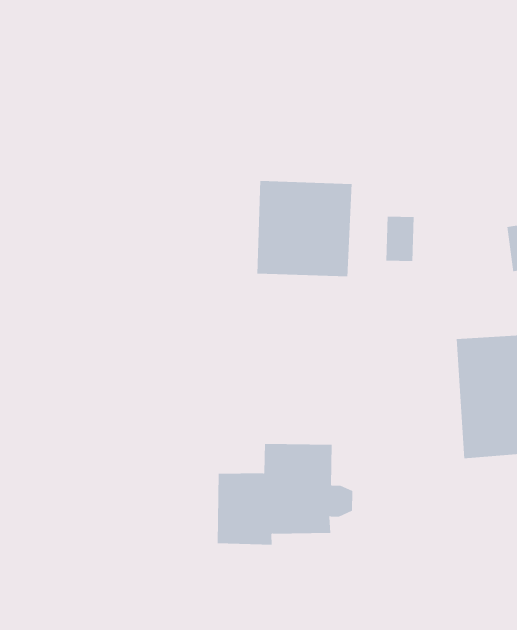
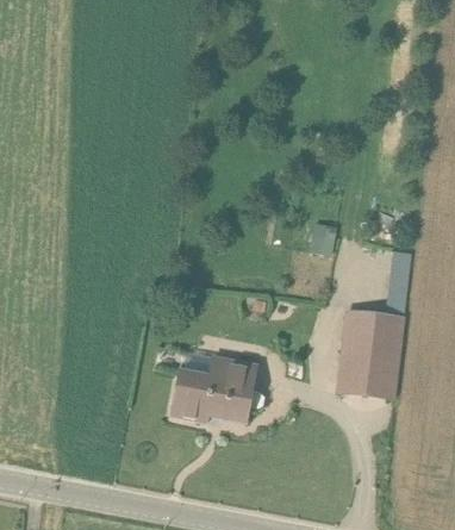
building: [257,180,352,277] -> none

